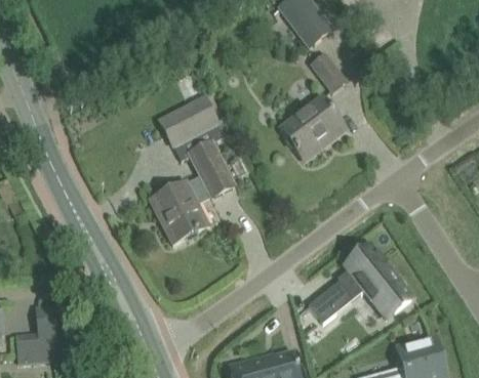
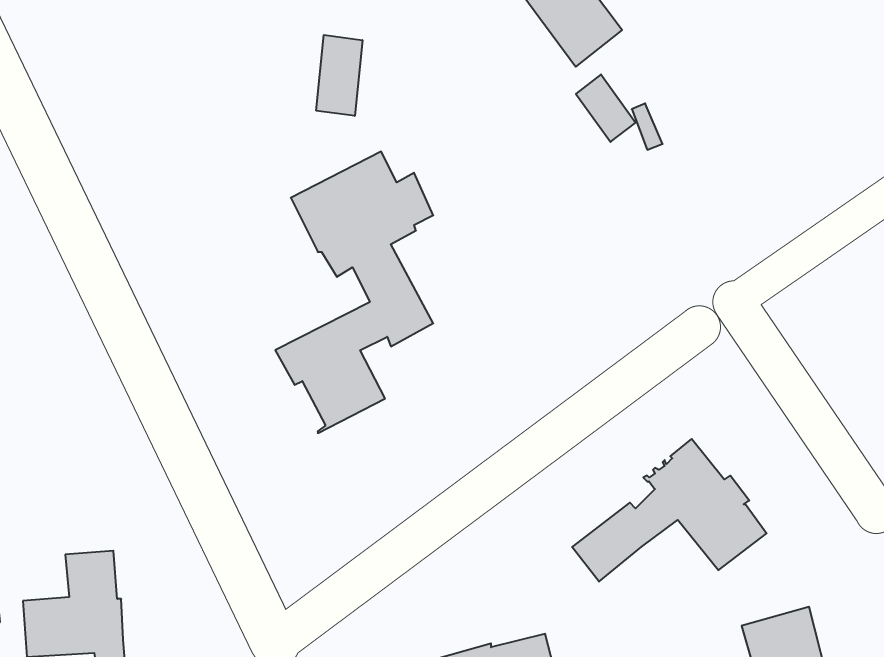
building: none -> [316,35,362,116]
building: [279,95,345,155] -> none

